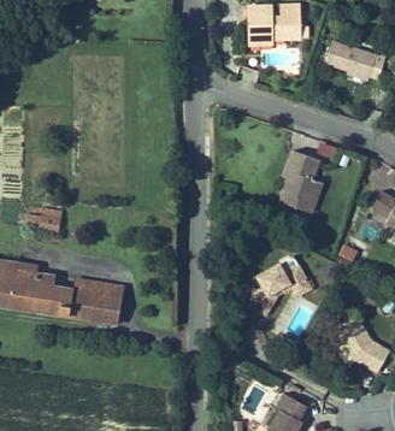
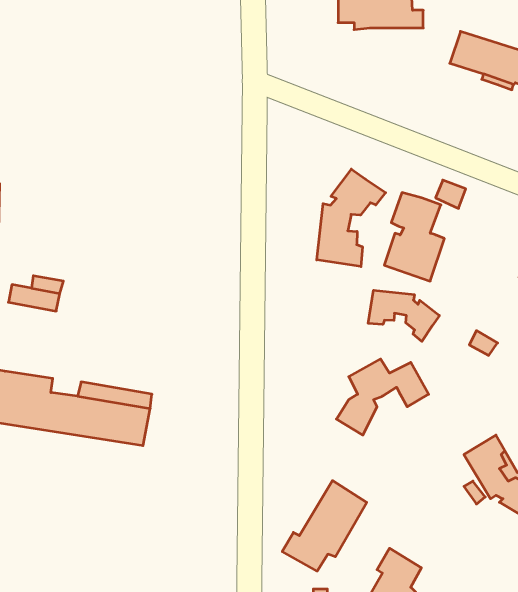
building: none -> [317,169,386,267]
building: none -> [368,290,439,341]
building: none -> [282,481,367,571]

